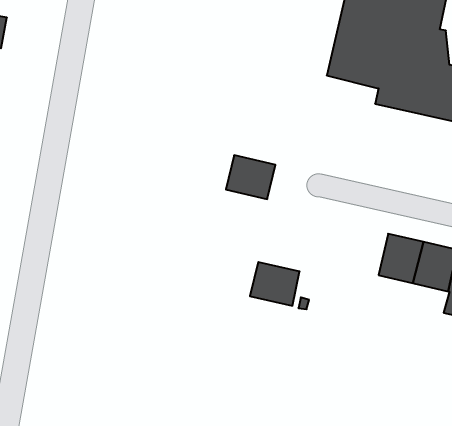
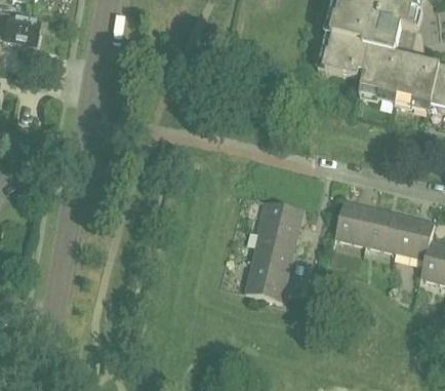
building: [226,155,275,199] -> [259,201,302,239]
building: none -> [335,199,372,242]
building: none -> [245,261,289,300]

